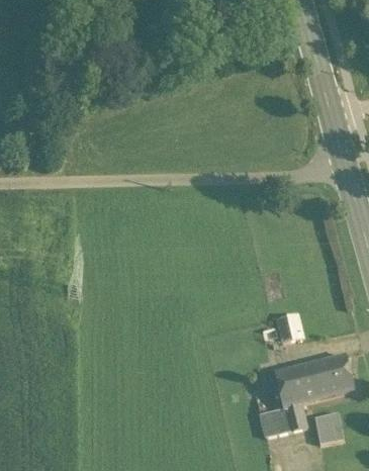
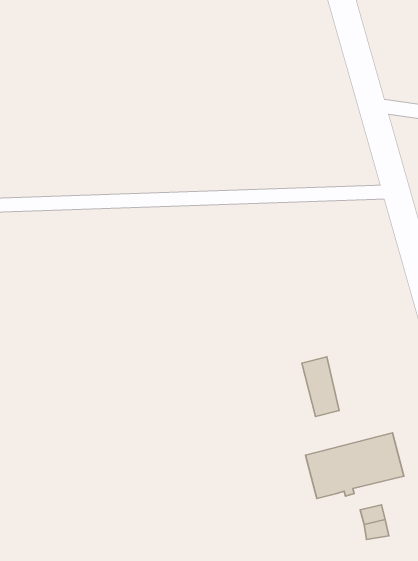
building: [257,402,303,436] -> none

